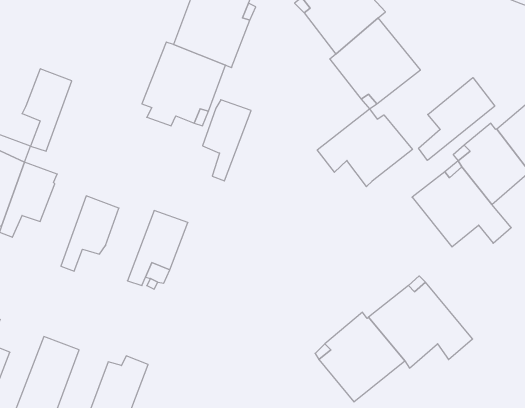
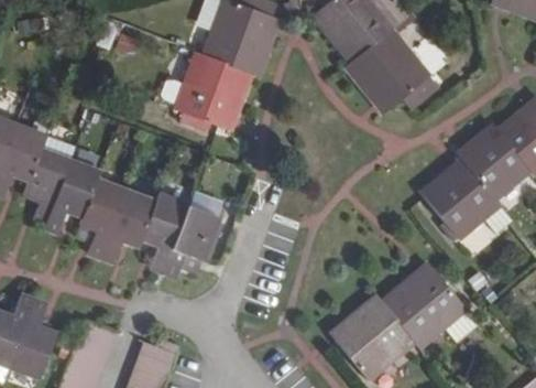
building: [22,69,72,151] -> [80,180,125,255]
building: [419,78,495,160] -> none
building: [203,100,251,181] -> [143,194,187,268]
building: [317,109,412,187] -> none

